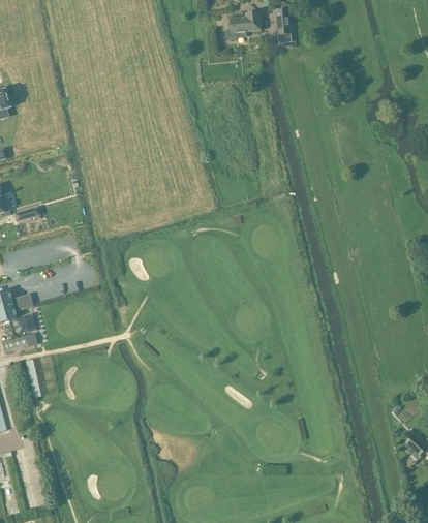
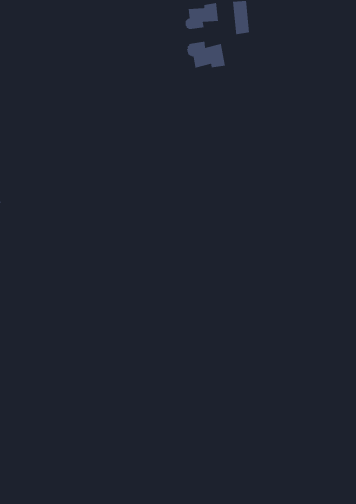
building: none -> [186,41,225,69]

